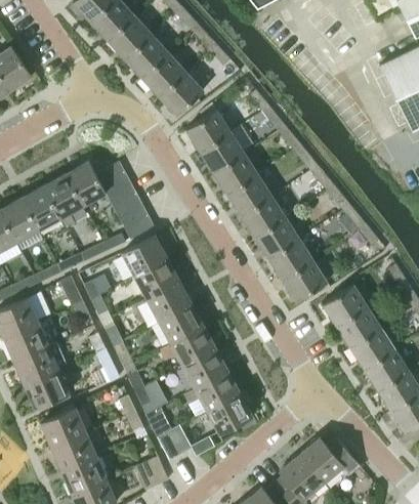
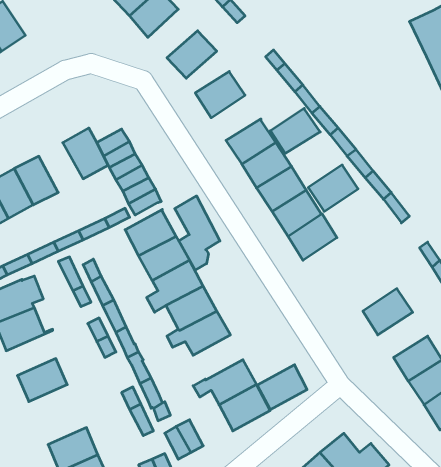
building: [141,53,186,97] -> none
building: [199,131,244,172] -> [270,108,320,153]
building: [43,174,83,228] -> none
building: none -> [175,196,220,270]
building: [282,260,327,302] -> [308,165,358,211]
building: [322,285,367,327] -> none
building: [349,328,394,369] -> none
building: [13,344,65,385] -> none
building: [182,348,227,389] -> [257,365,307,410]
building: [40,408,86,448] -> none

